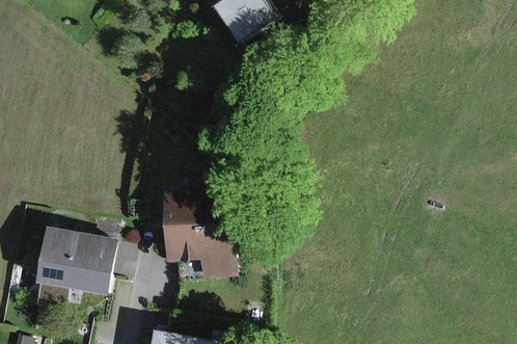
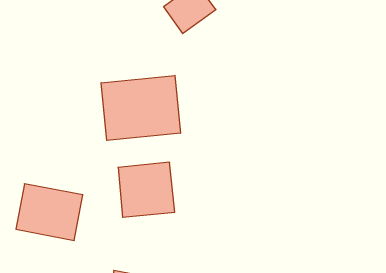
building: none -> [101,75,180,140]

